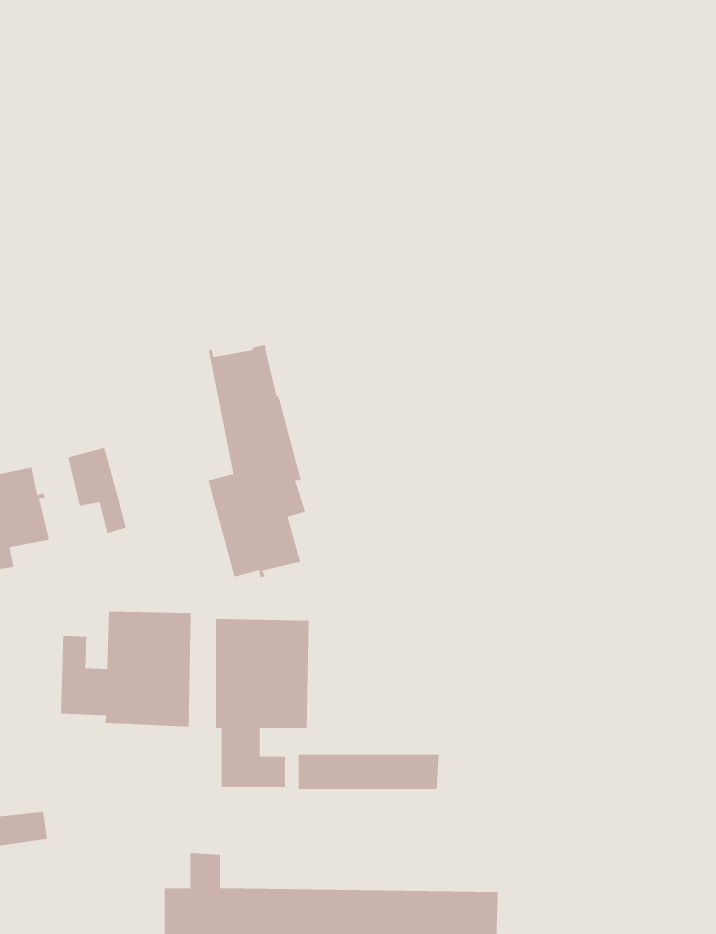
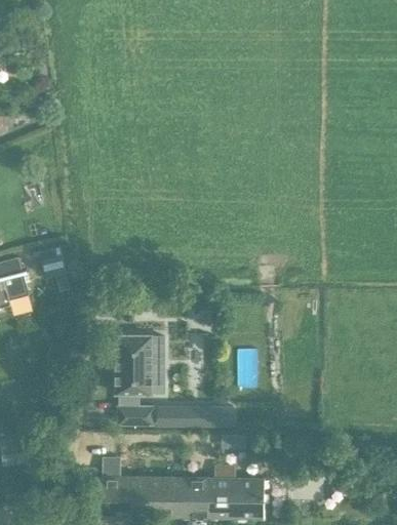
building: [208,344,306,578] -> none
building: [60,611,191,727] -> none

